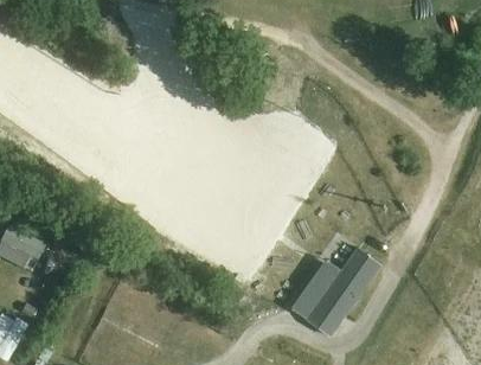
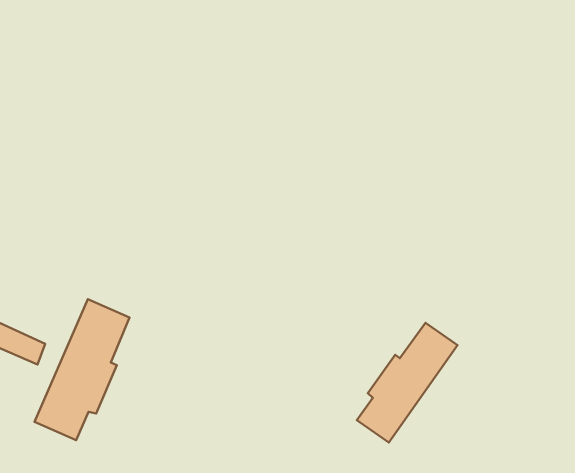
building: none -> [35,299,130,440]

